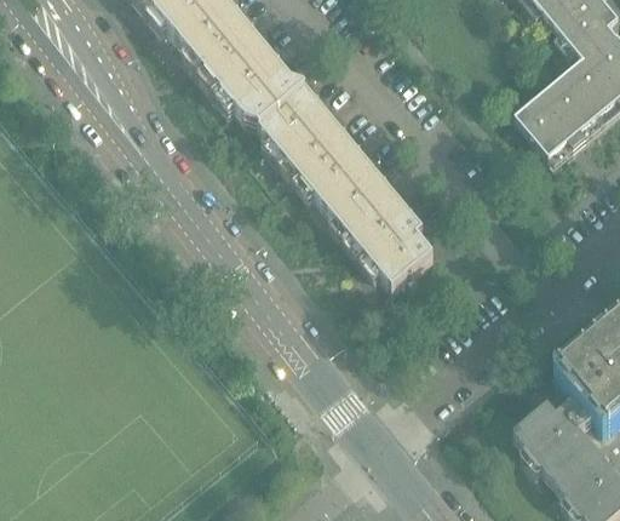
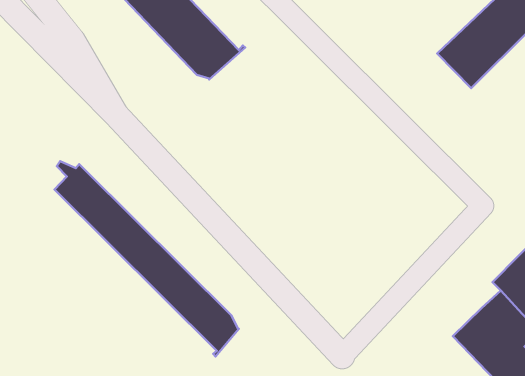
building: [259,91,435,285] -> none
building: none -> [55,161,239,357]

